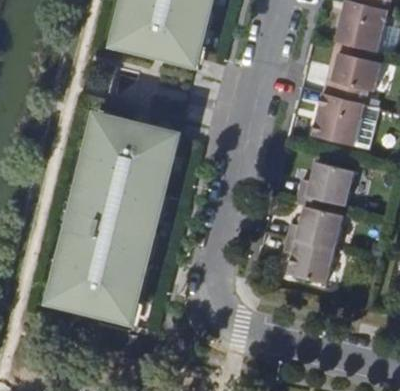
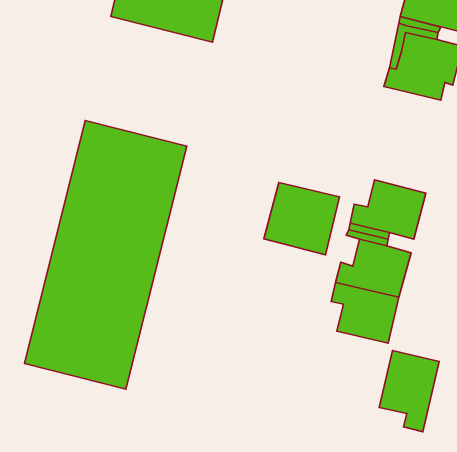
building: [312,92,364,145] -> none
building: none -> [264,183,339,255]
building: none -> [379,351,439,432]

